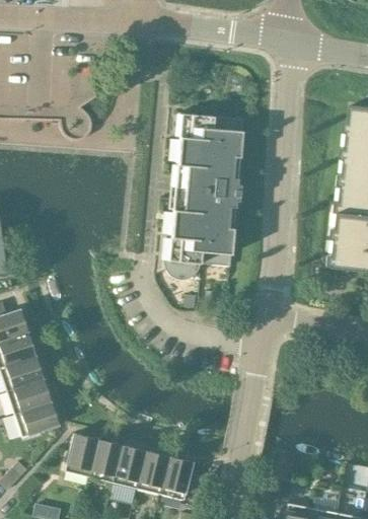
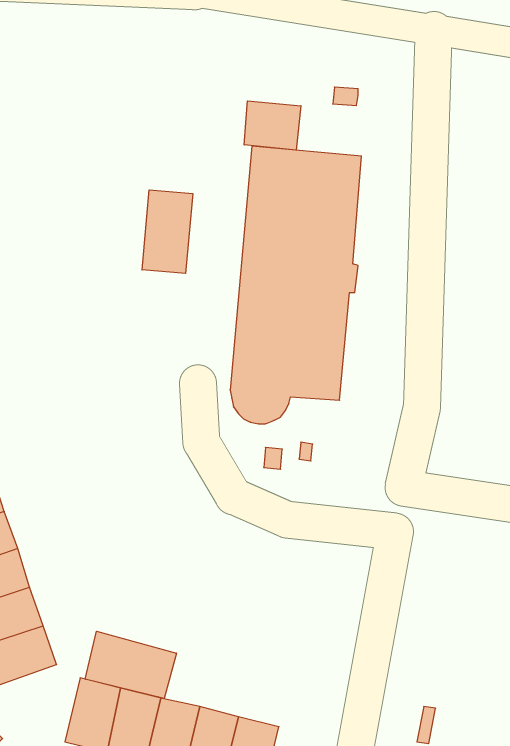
building: none -> [244,101,301,150]
building: none -> [142,190,193,273]
building: none -> [85,631,176,698]

